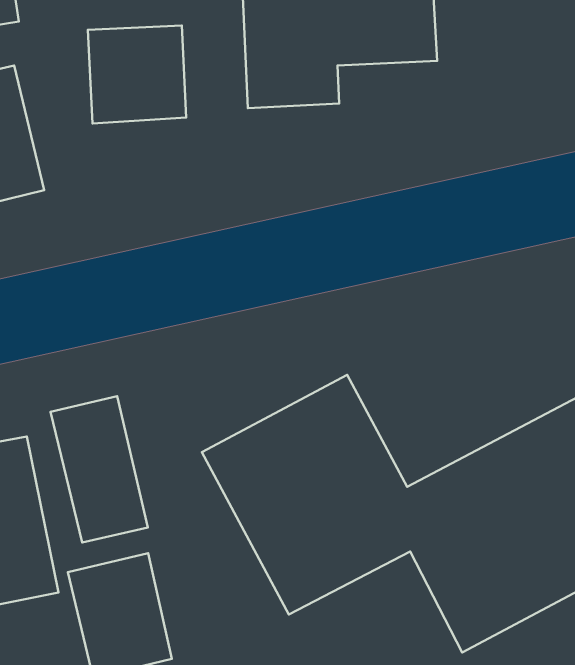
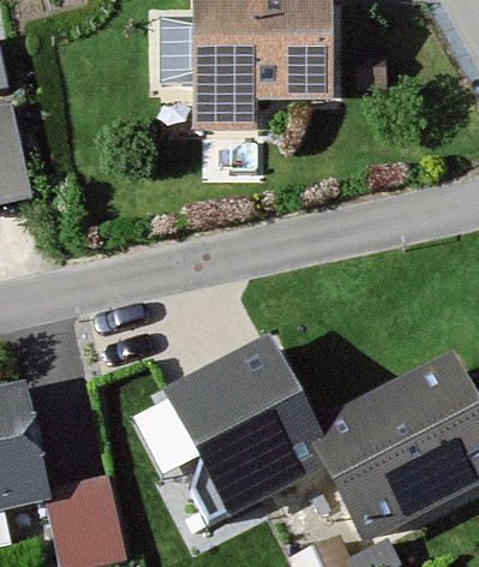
building: [88,26,186,123] -> none
building: [51,396,148,542] -> none

